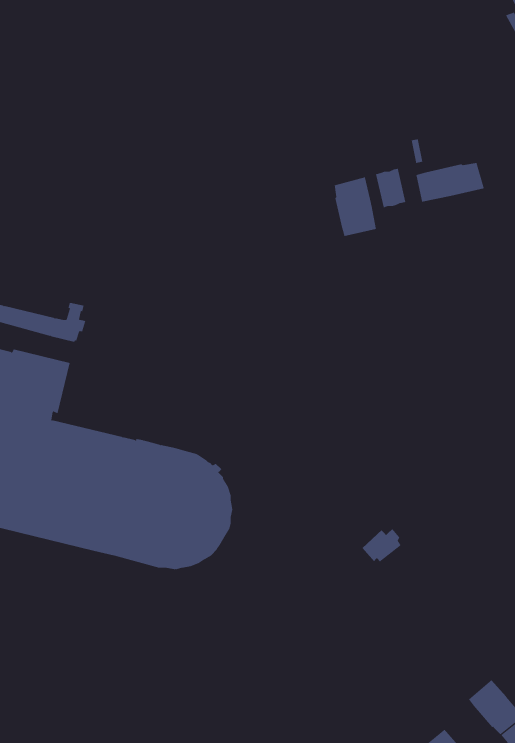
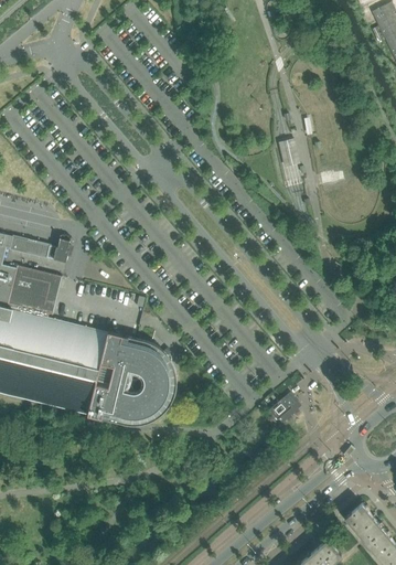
building: [416,162,484,203] -> none
building: [334,177,377,237] -> none

